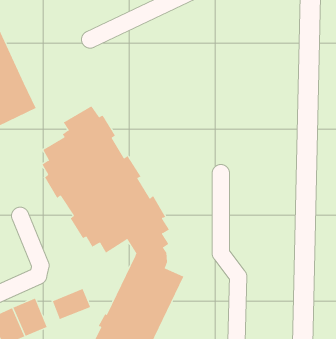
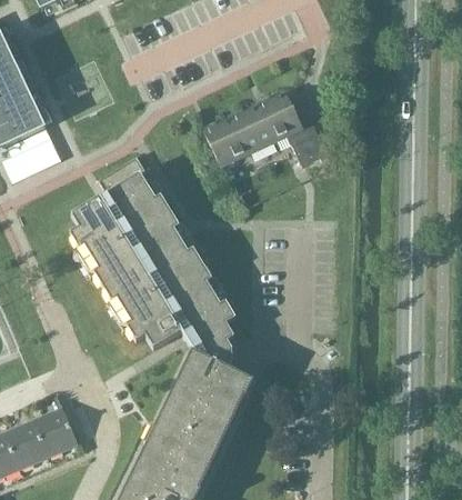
building: none -> [202,92,327,167]
building: [52,288,91,320] -> none

